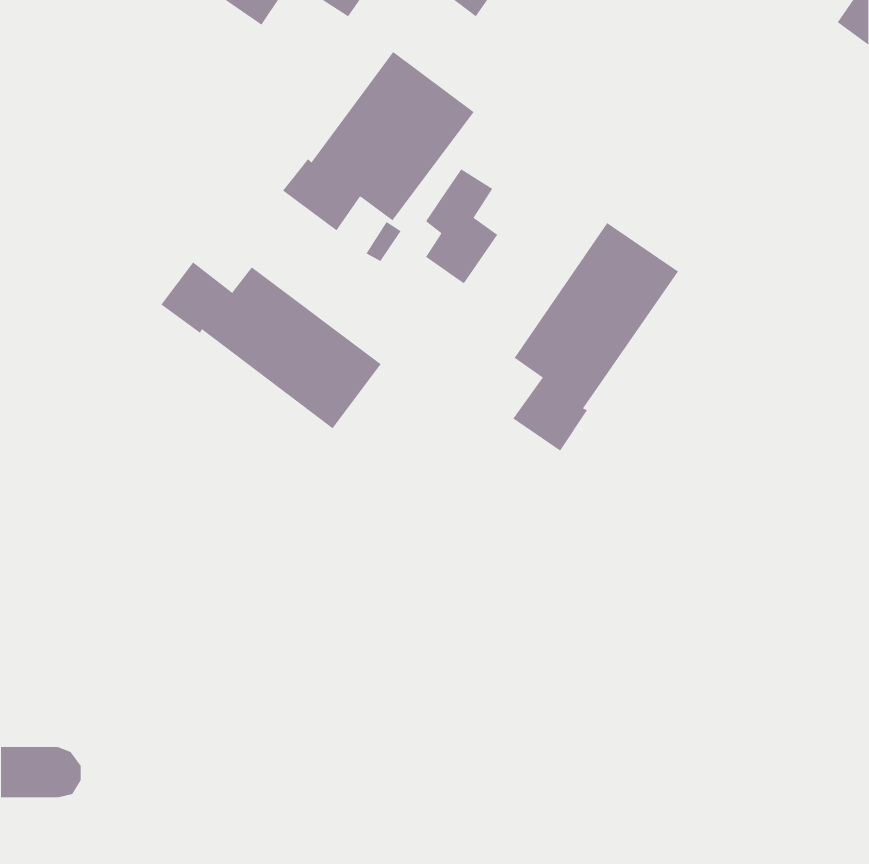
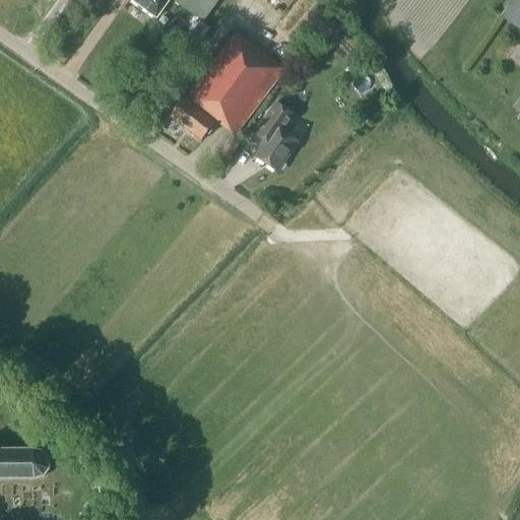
building: [512,222,679,451] -> none
building: [161,261,382,429] -> none

